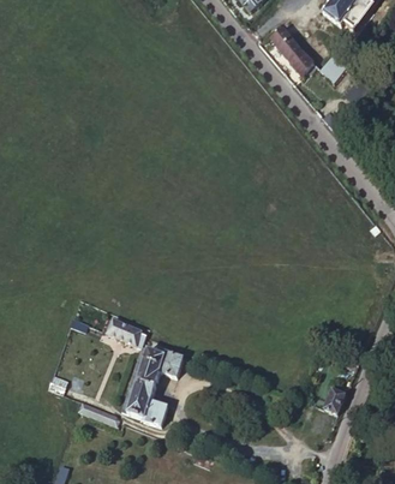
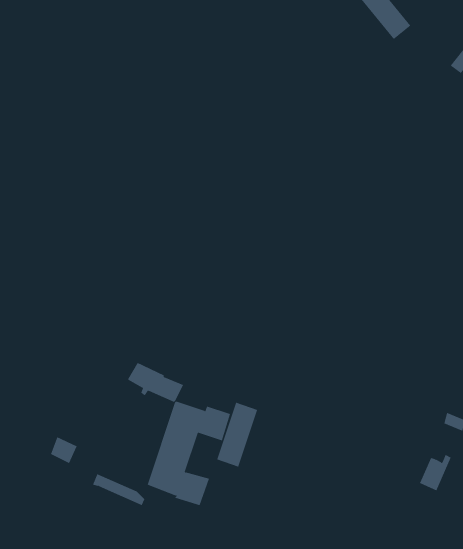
building: none -> [216,402,258,467]

